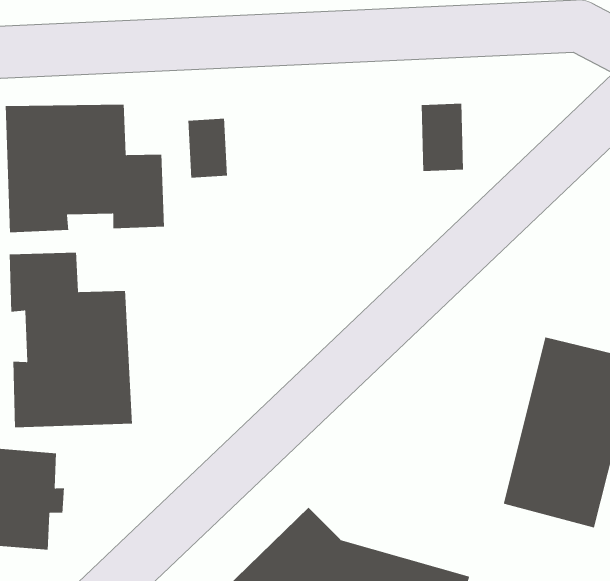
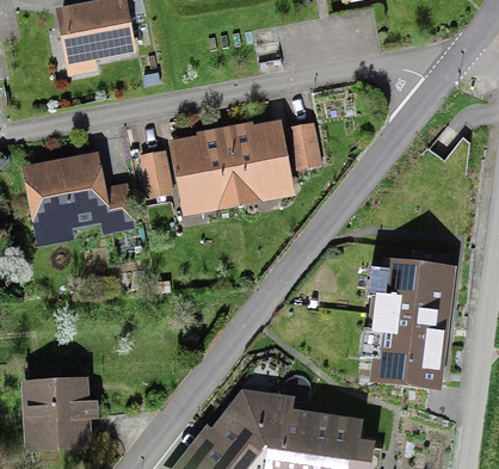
building: none -> [179,126,284,204]
building: [9,252,133,428] -> none

